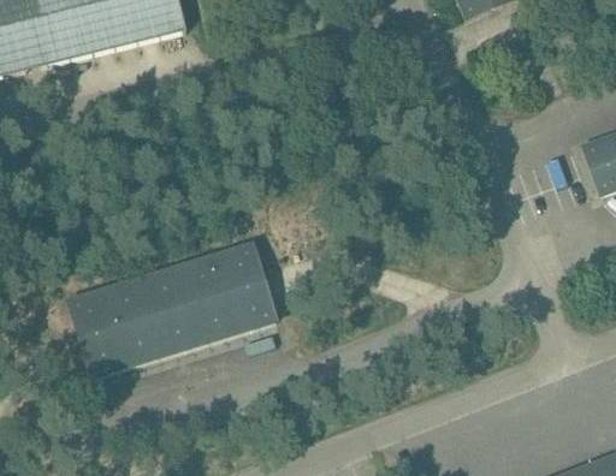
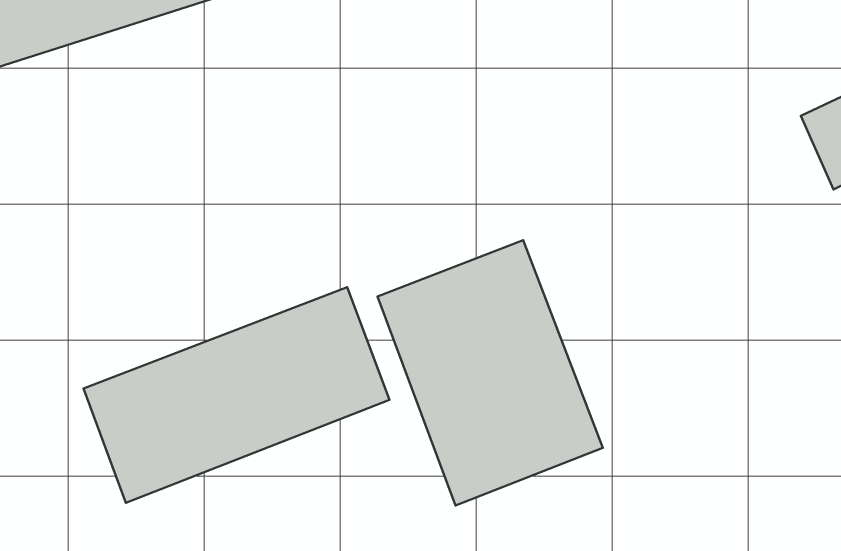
building: none -> [378,240,603,505]

